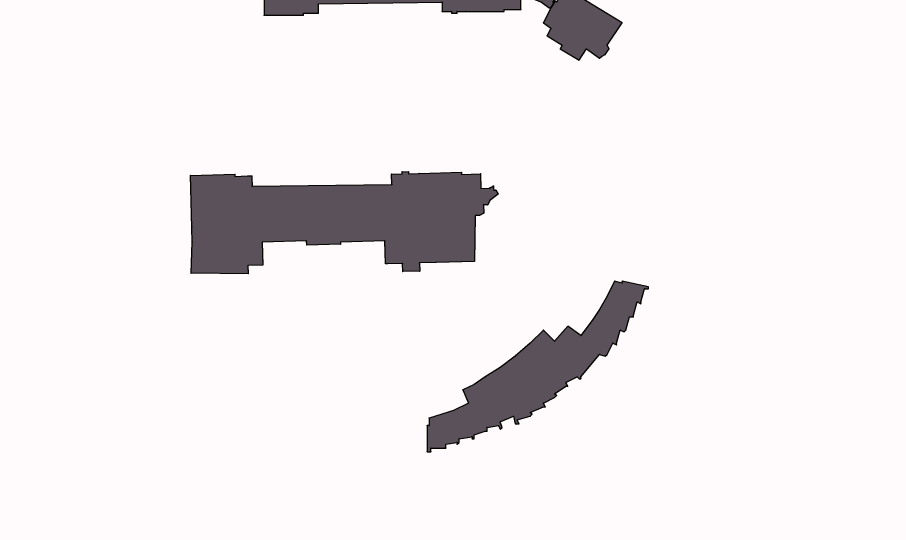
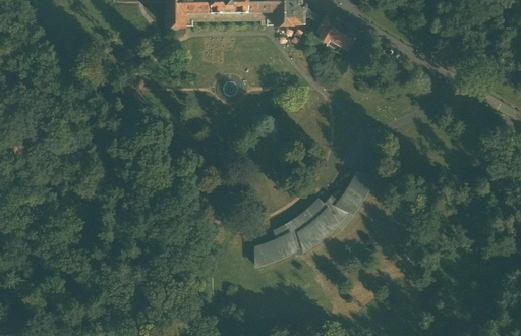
building: [190,172,498,274] -> none

